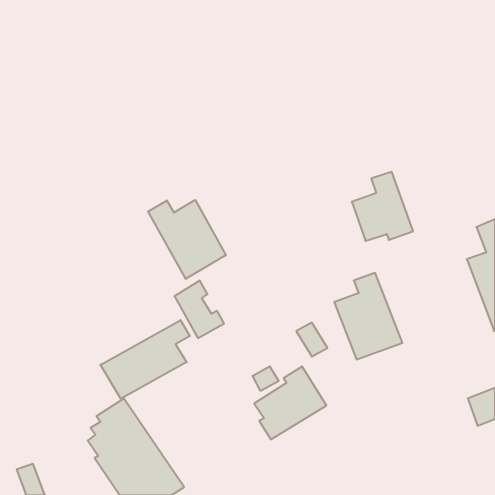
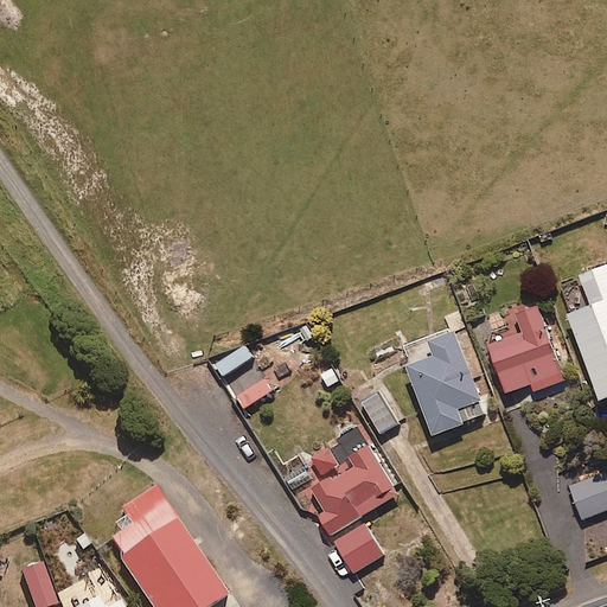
building: [352,172,413,241] -> [490,308,564,392]
building: [148,200,226,279] -> none
building: [100,320,190,399] -> none
building: none -> [334,523,383,574]

